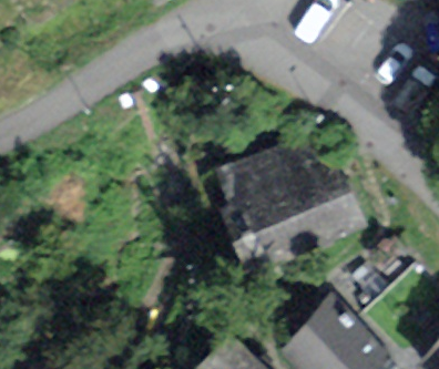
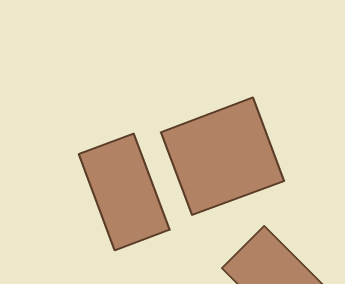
building: none -> [79,134,170,250]

